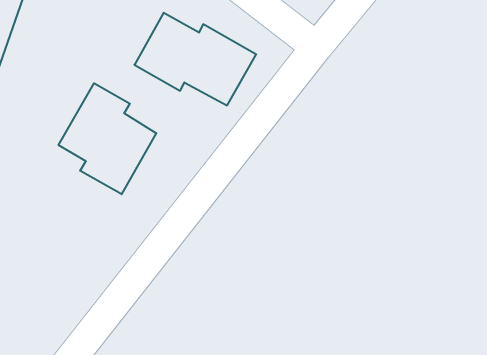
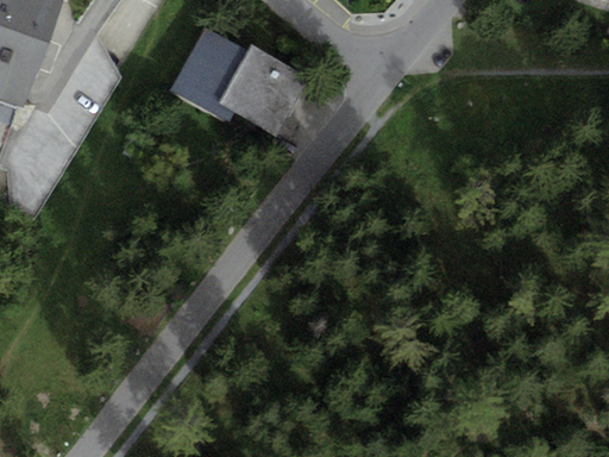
building: [59,83,156,194] -> none

